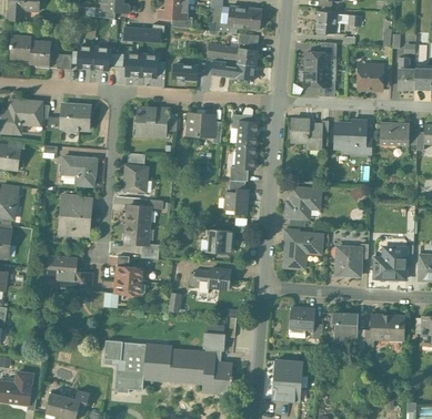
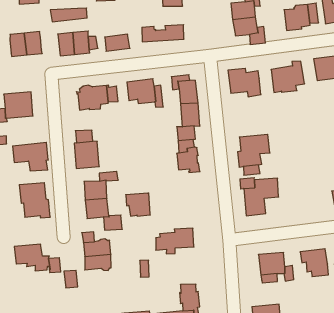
building: [207,43,255,65] -> none
building: [208,229,232,254] -> [126,193,150,216]
building: [335,248,361,276] -> none

